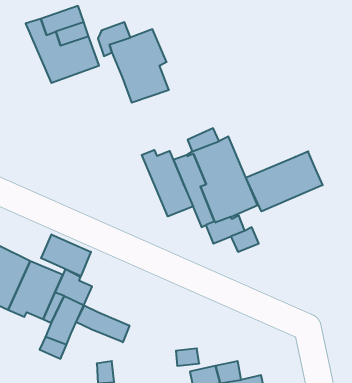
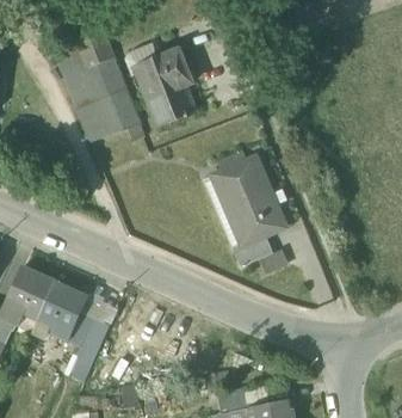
building: none -> [75,81,138,139]
building: [142,150,193,216] -> none
building: [246,151,323,211] -> none
building: [41,234,91,276] -> none
building: [76,306,129,342] -> none

